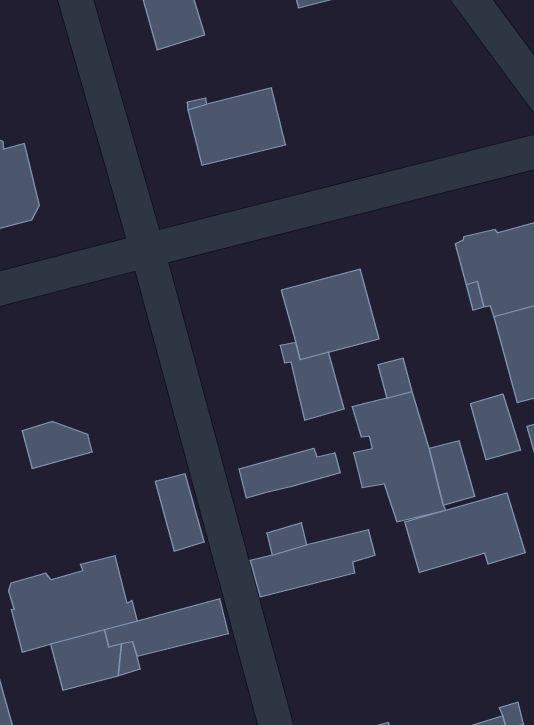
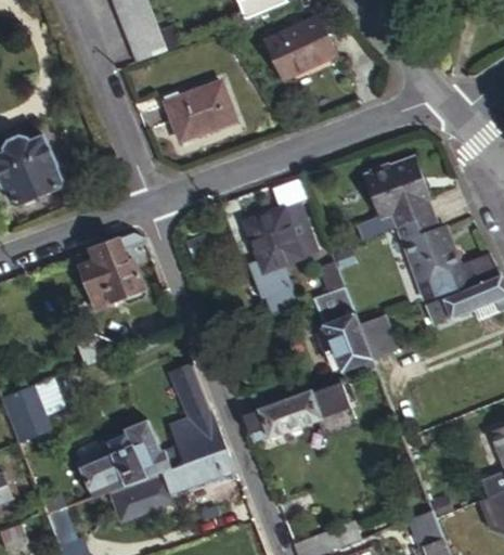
building: none -> [268,16,329,67]
building: none -> [82,238,150,309]
building: [471,394,521,460] -> none
building: [239,448,340,498] -> none
building: [405,493,525,573] -> none
building: none -> [167,406,223,462]

